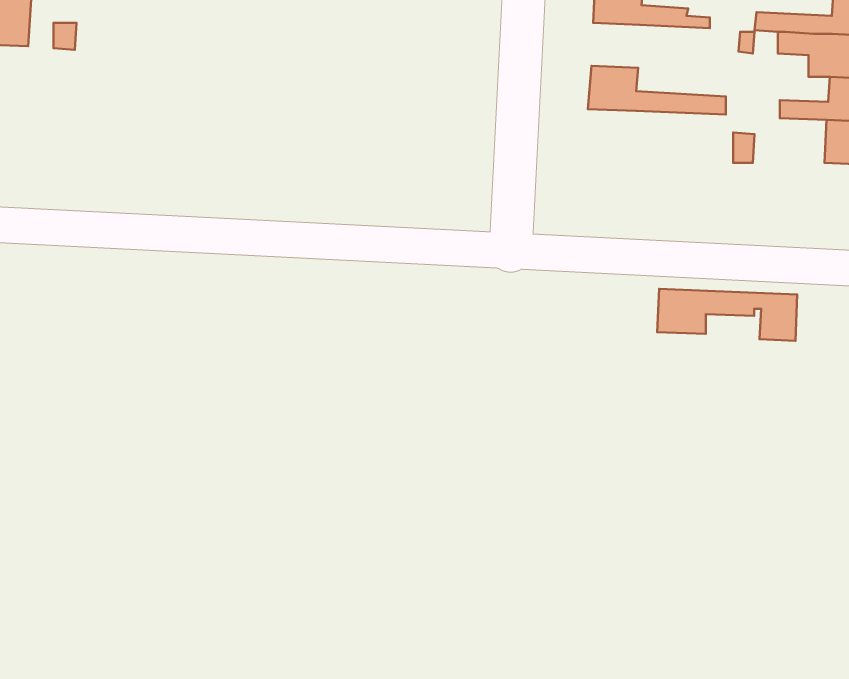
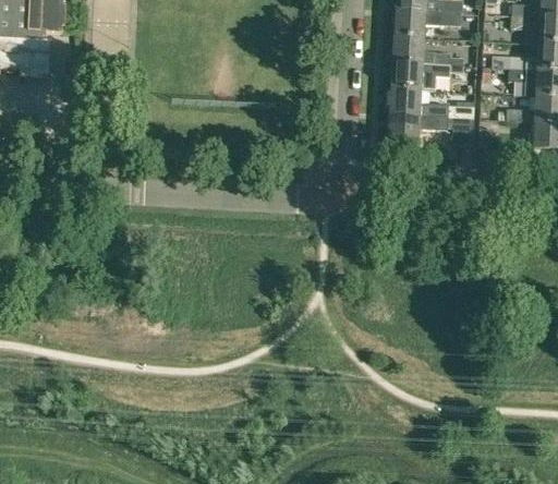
building: none -> [391,59,463,87]
building: [657,289,797,341] -> [388,111,473,143]

